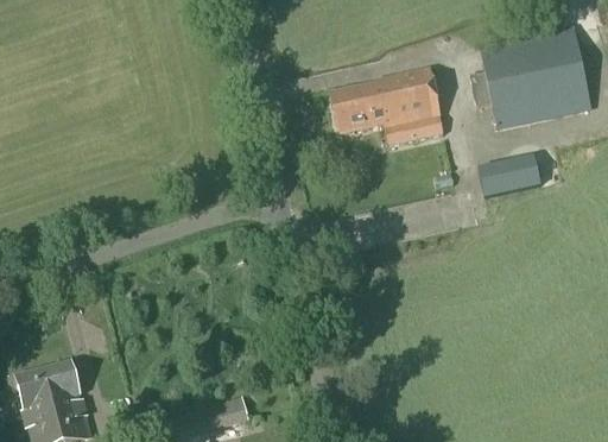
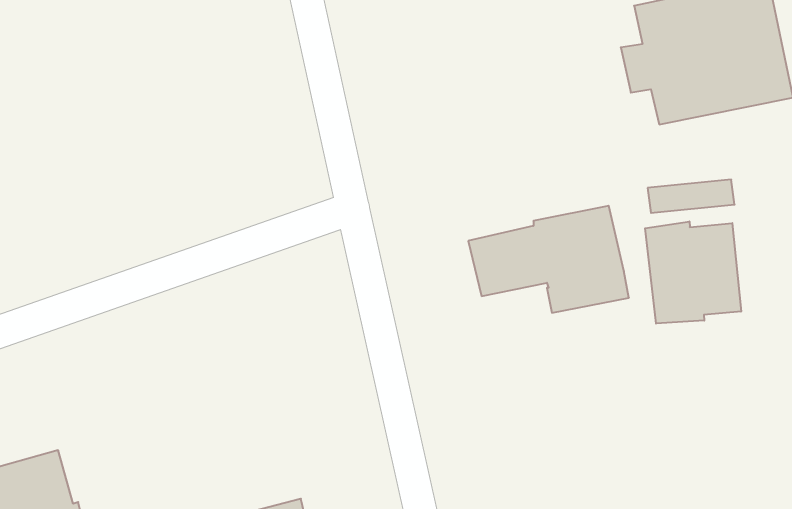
building: [329,67,443,143] -> [468,206,629,313]
building: none -> [645,221,741,324]

